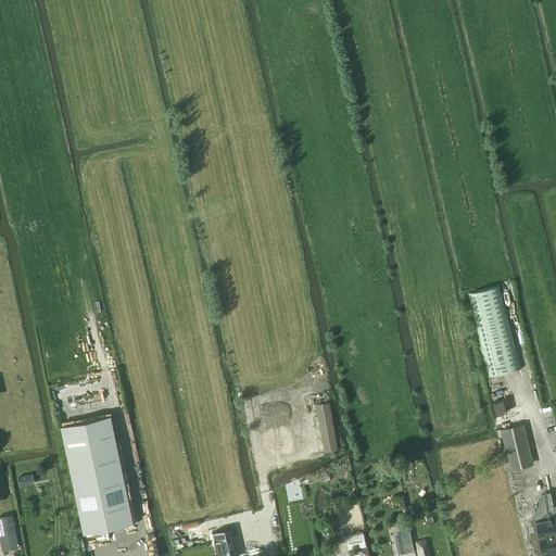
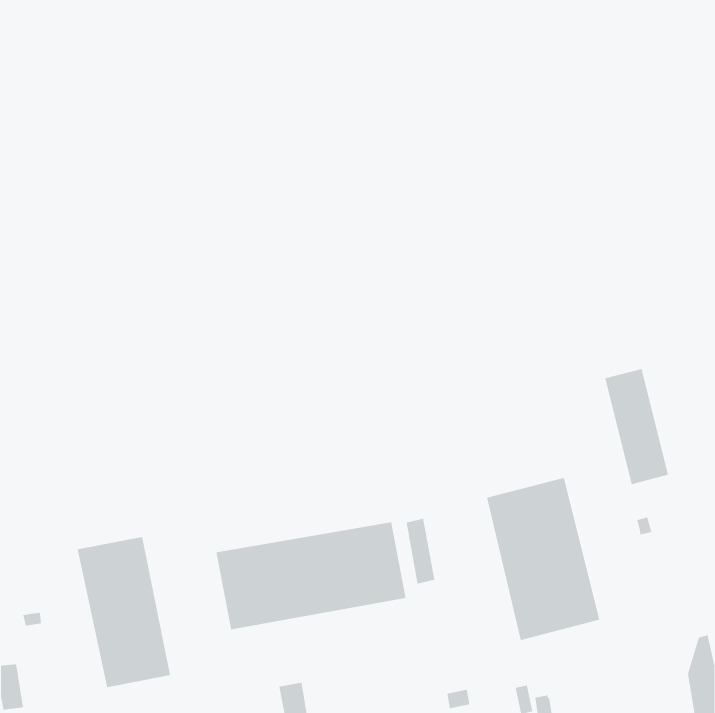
building: none -> [486,477,600,641]
building: none -> [216,521,406,630]
building: [501,428,534,472] -> none

